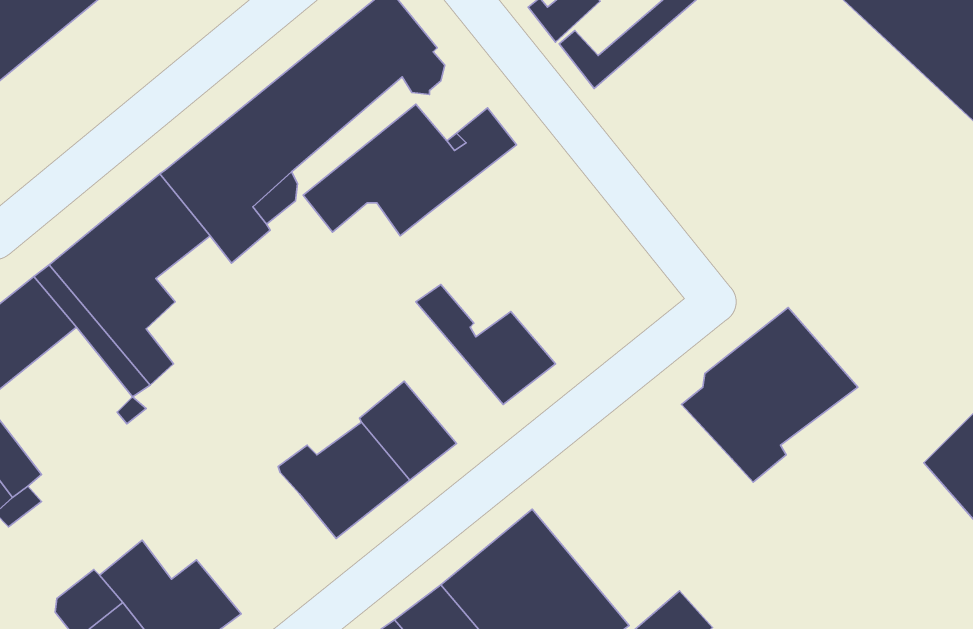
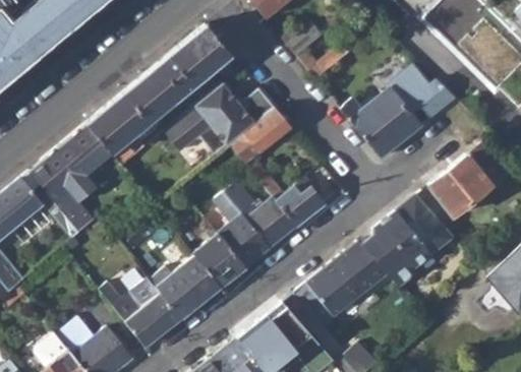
building: none -> [341,65,456,158]
building: none -> [230,110,324,225]
building: none -> [429,143,507,215]
building: none -> [214,192,269,266]
building: none -> [296,242,389,325]
building: none -> [100,277,181,346]

